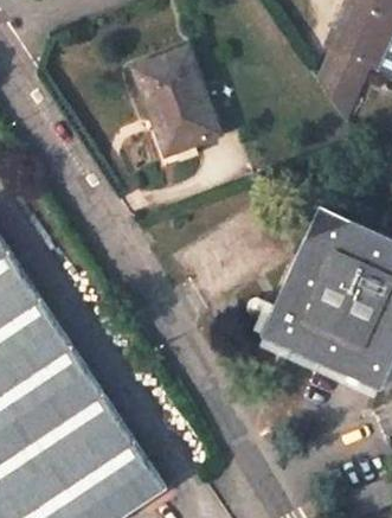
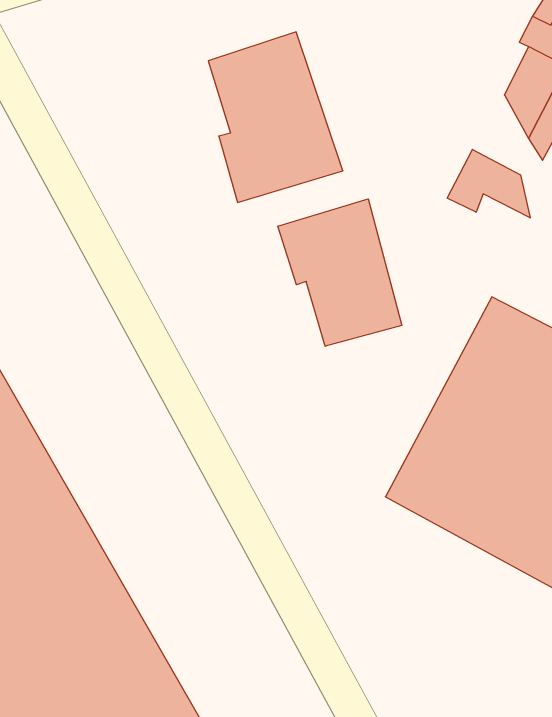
building: none -> [447,149,530,218]
building: none -> [278,199,402,346]

